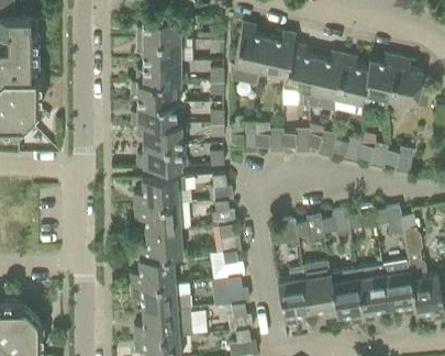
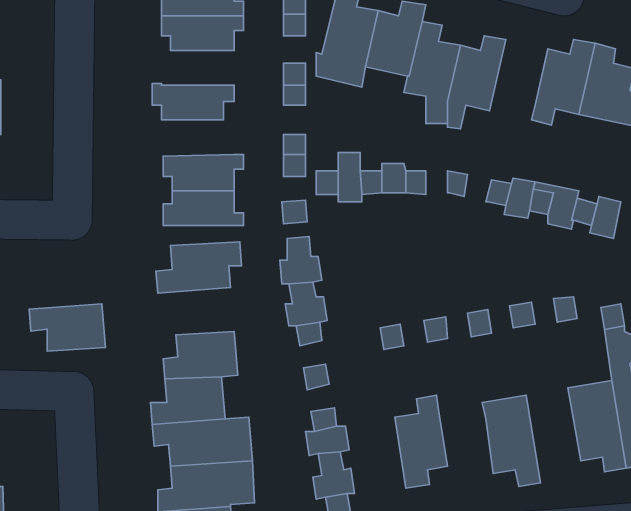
building: [334,54,367,102] -> none
building: [136,60,186,81] -> none
building: [132,102,180,124] -> none
building: [134,203,180,232] -> [29,304,106,351]
building: [302,259,336,318] -> none
building: [356,264,389,321] -> none

